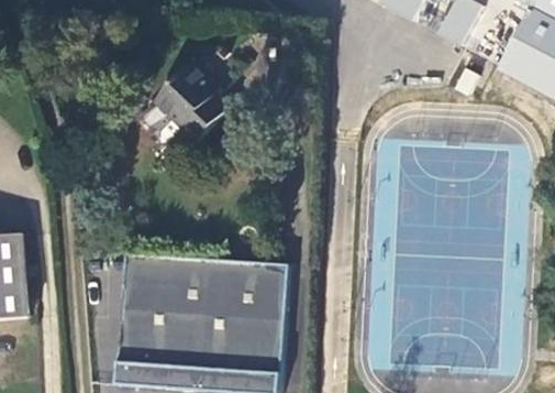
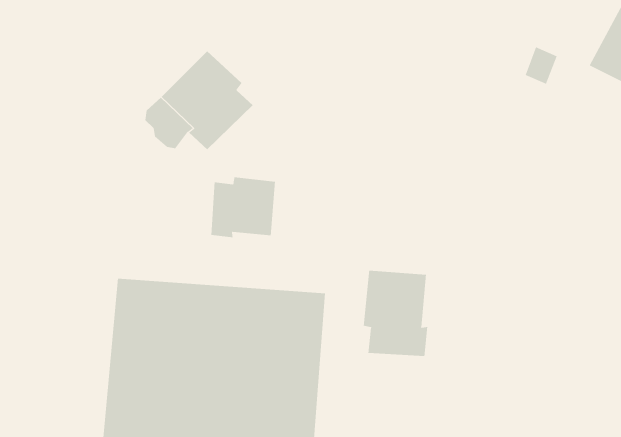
building: none -> [211,177,275,238]
building: none -> [363,270,428,357]

